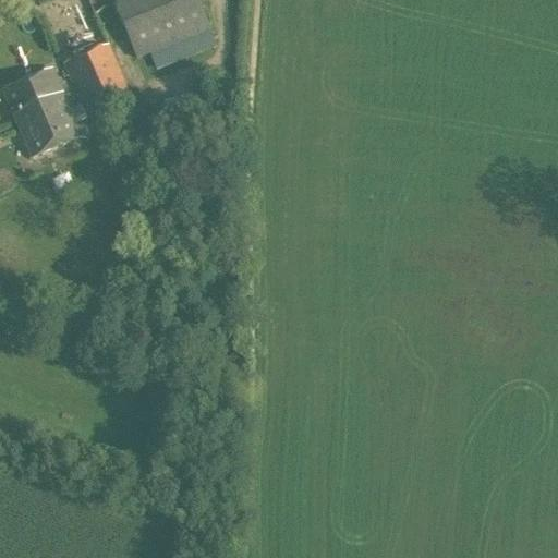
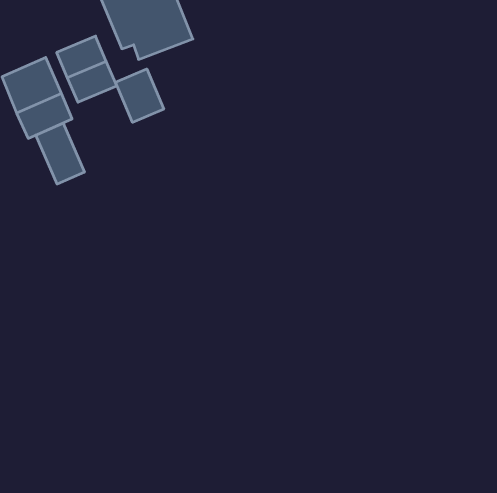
building: none -> [115,69,164,122]
building: none -> [36,123,84,184]

